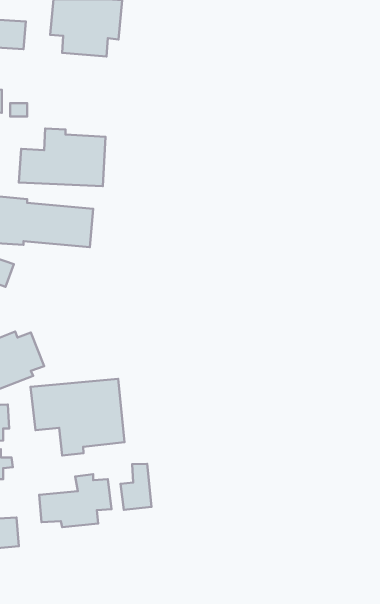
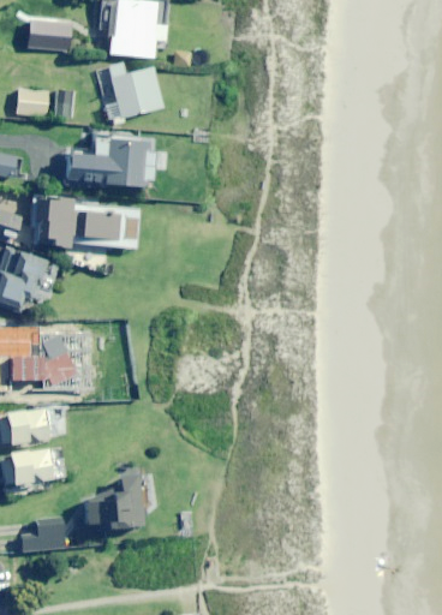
building: none -> [100,62,162,125]
building: [30,379,124,456] -> none
building: [120,464,152,510] -> none

